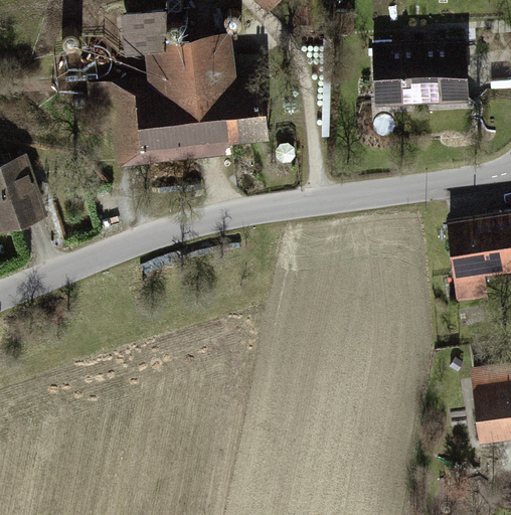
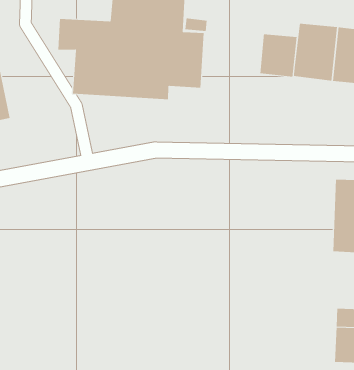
building: none -> [260,33,297,77]

